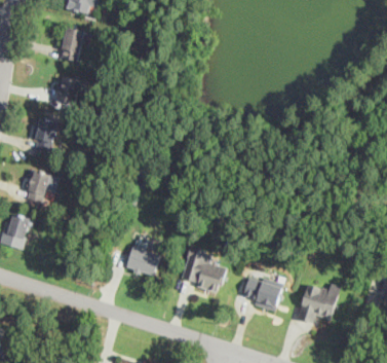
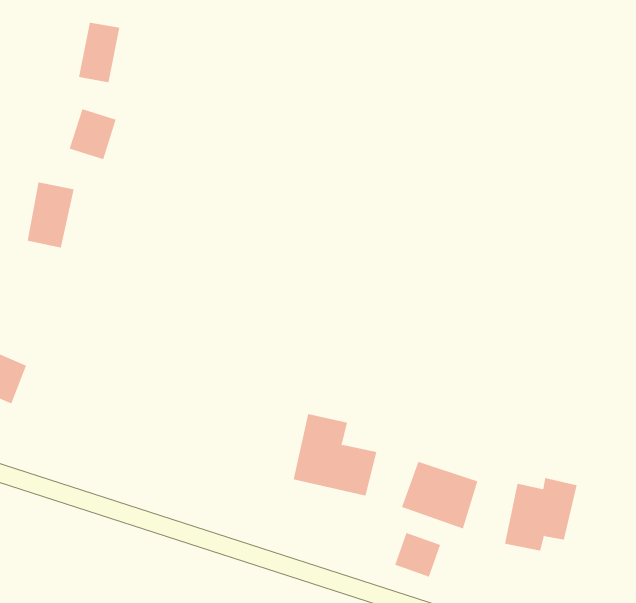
building: [26,170,51,202] -> none
building: [126,245,161,277] -> none
building: none -> [395,532,441,577]

